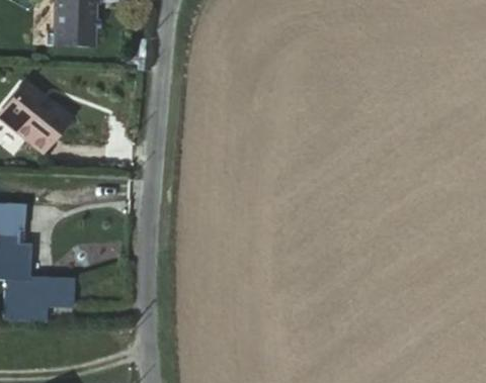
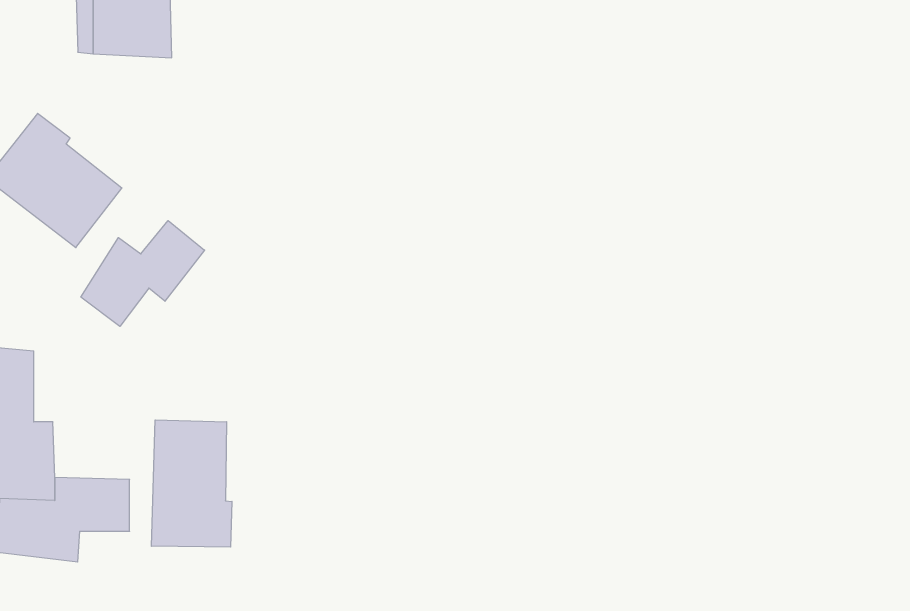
building: none -> [81,221,205,326]
building: none -> [151,420,232,547]

